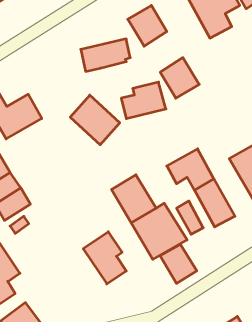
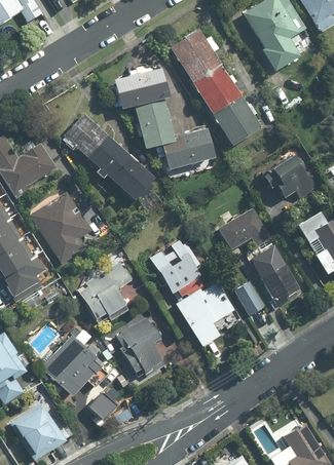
building: none -> [189,61,238,112]
building: none -> [134,99,177,149]
building: none -> [58,107,120,168]
building: none -> [264,156,314,201]
building: none -> [37,193,99,259]
building: none -> [71,254,136,324]
building: [160,244,197,283] -> none
building: none -> [37,330,108,400]
building: none -> [86,392,116,422]

